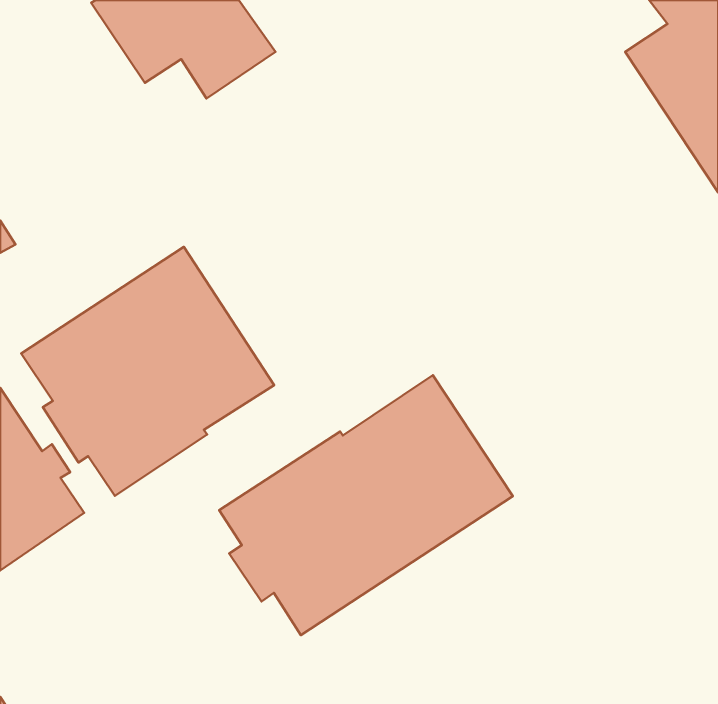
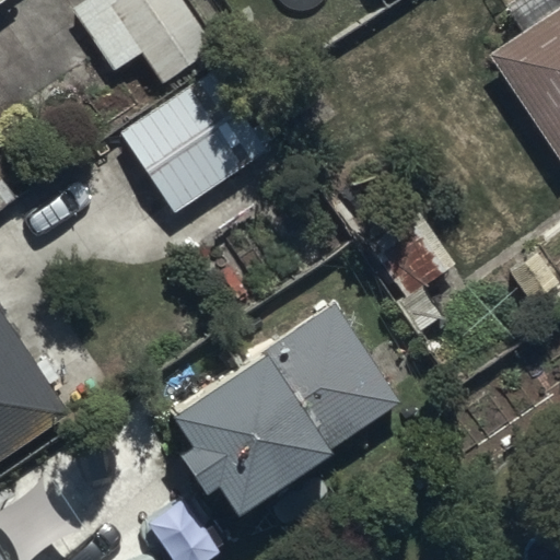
building: none -> [120,72,280,217]
building: [21,247,274,496] -> none

